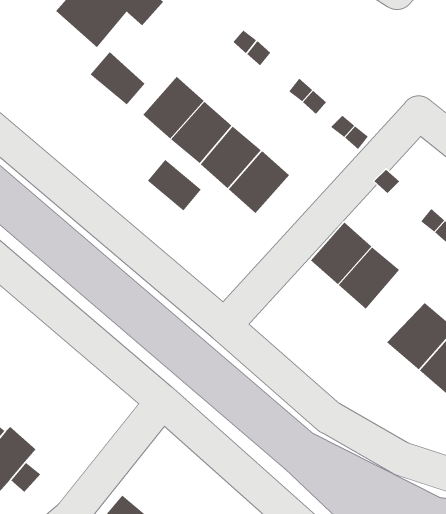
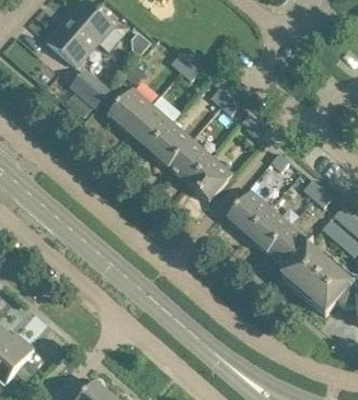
building: [147,159,202,212] -> none
building: none -> [187,155,231,200]
building: none -> [265,222,310,267]

